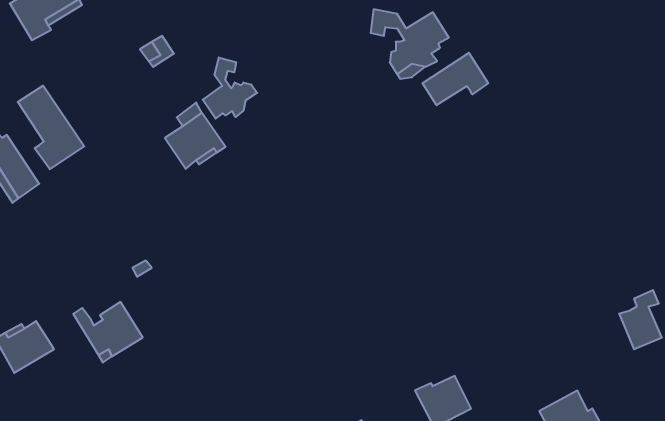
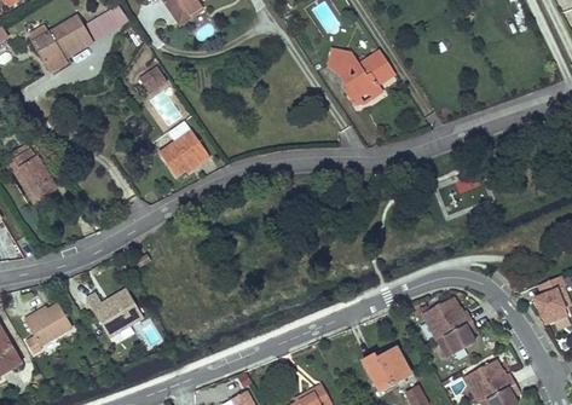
building: [423,53,488,105] -> none
building: [203,57,257,119] -> none
building: [18,86,84,169] -> none
building: none -> [424,295,478,355]

